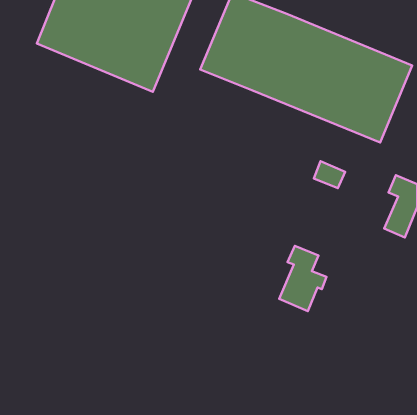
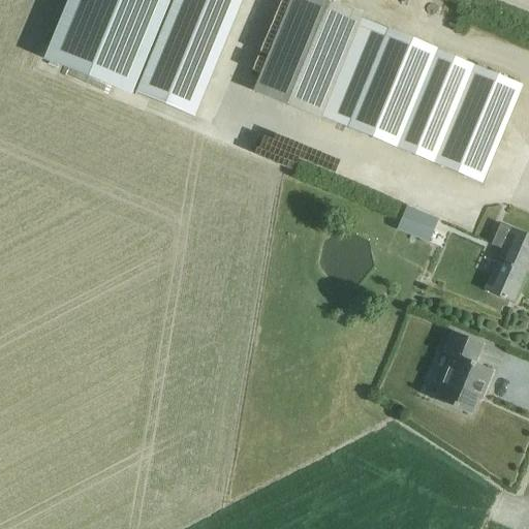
building: [279,246,327,311] -> [432,329,492,411]

